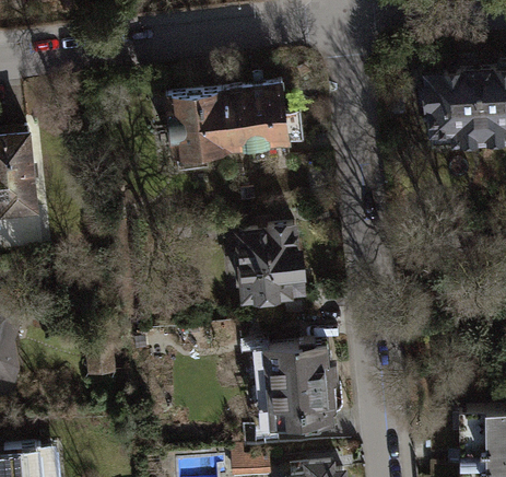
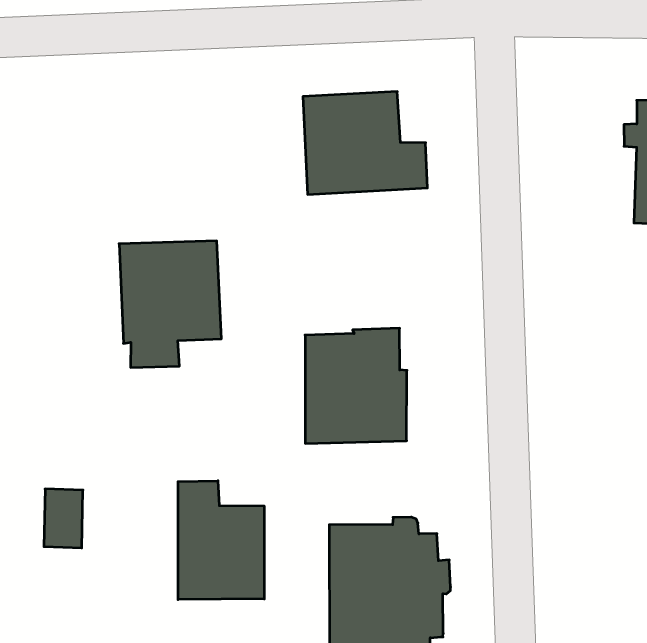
building: [164,89,231,170] -> [119,241,221,367]
building: none -> [178,481,264,600]

